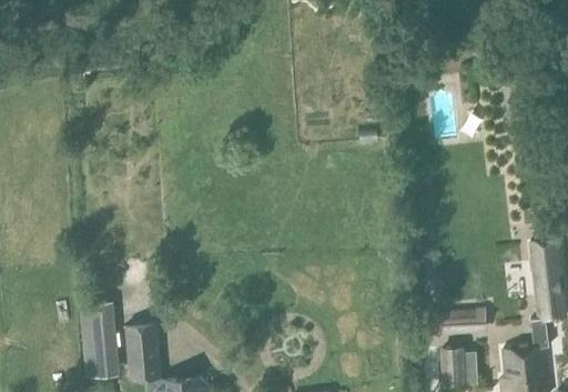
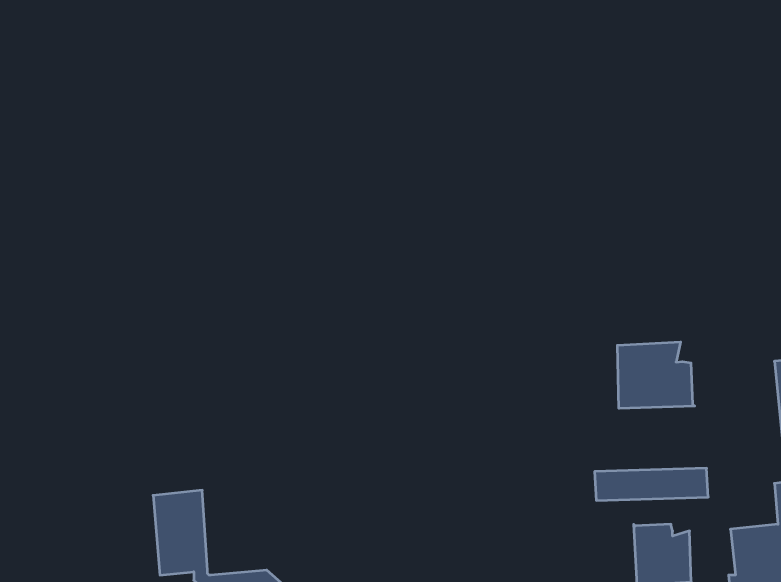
building: none -> [617,342,695,408]
building: [81,303,120,378] -> none

